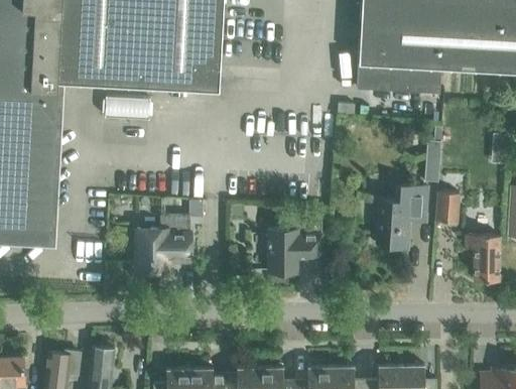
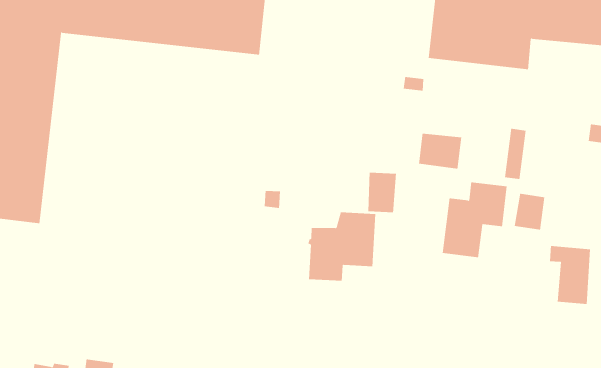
building: none -> [419,133,462,170]
building: none -> [368,172,396,213]
building: [137,217,190,272] -> none

